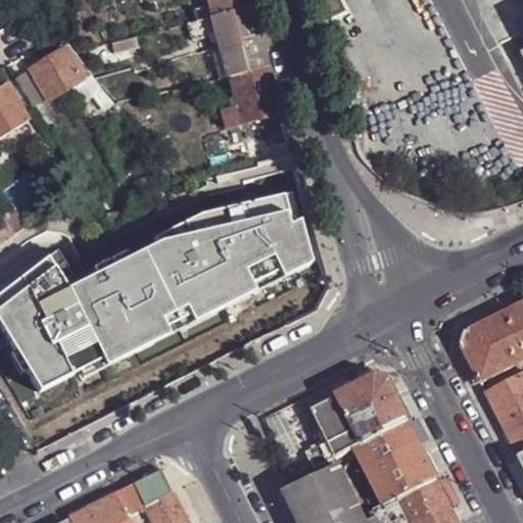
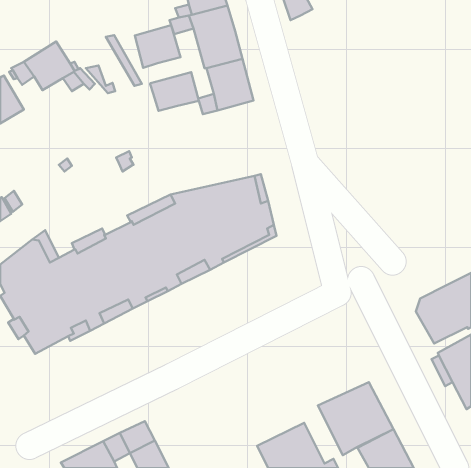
building: none -> [135,25,181,68]
building: none -> [150,72,199,111]
building: [306,378,408,459] -> none

